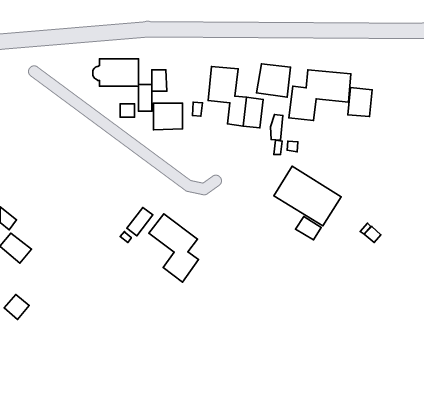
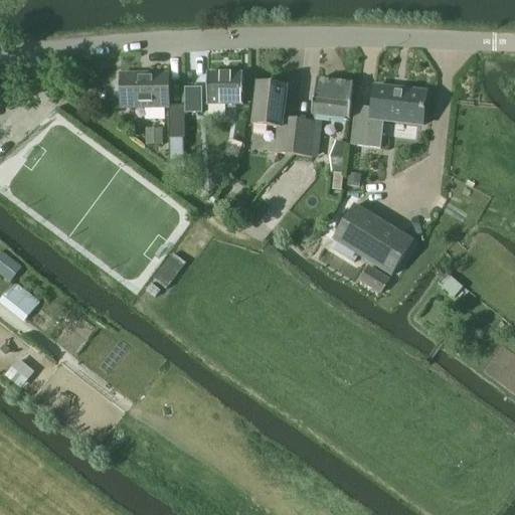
building: [348,87,372,117] -> none
building: [154,103,183,130] -> [207,70,242,103]
building: [149,214,198,282] -> none

